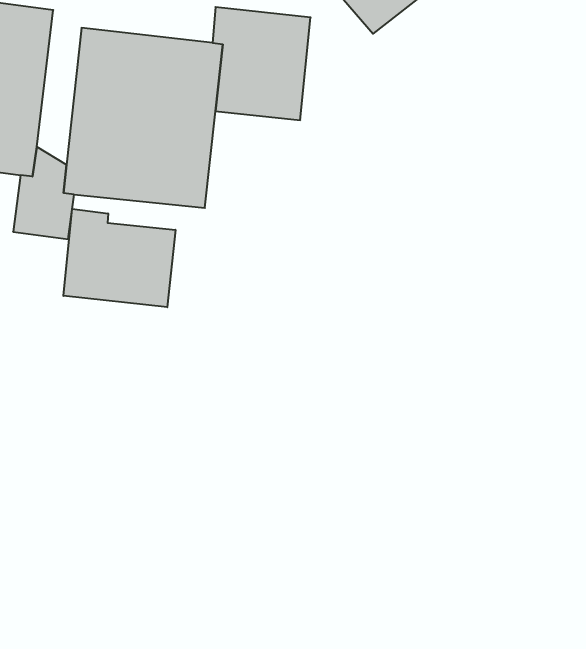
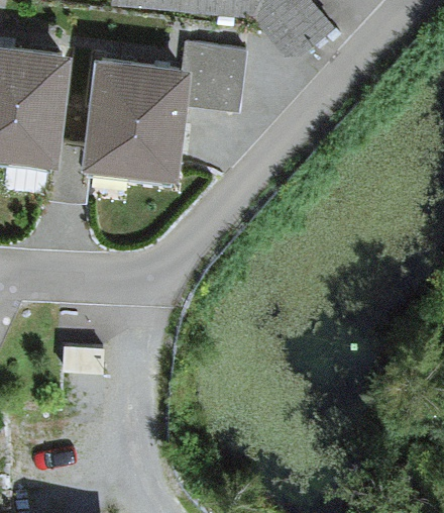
building: [63,209,175,307] -> none

